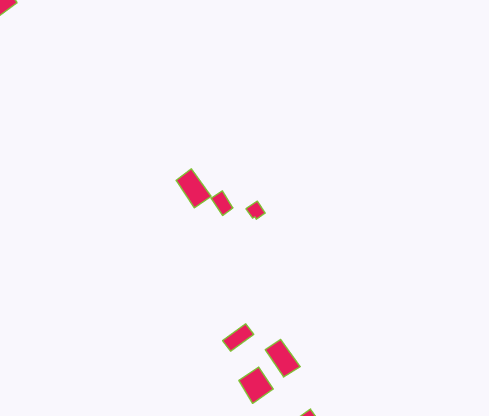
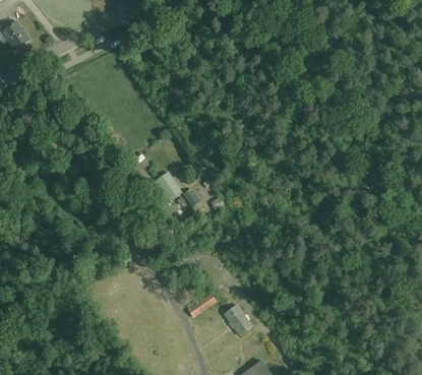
building: [239,367,273,403] -> none

